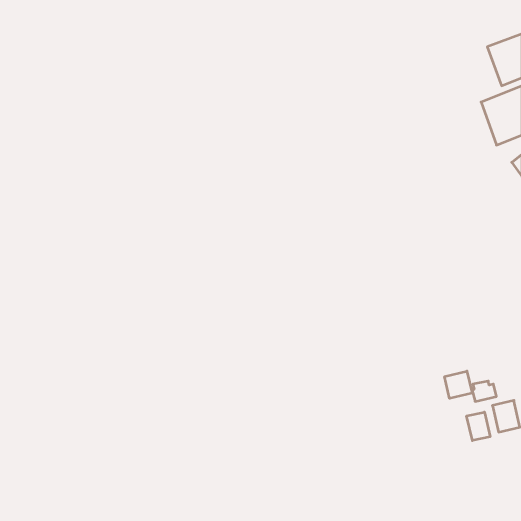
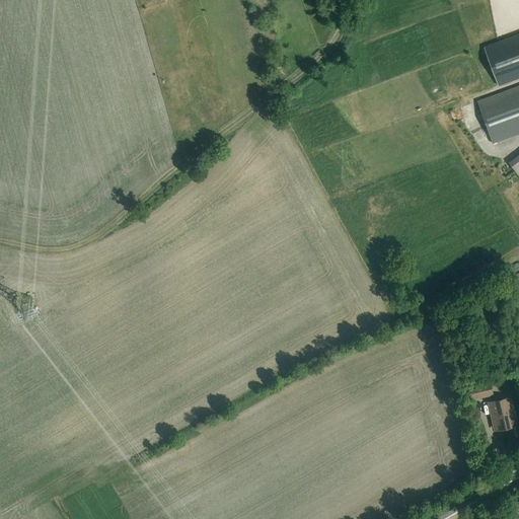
building: [445,371,472,398] -> none
building: [467,412,490,441] -> none

